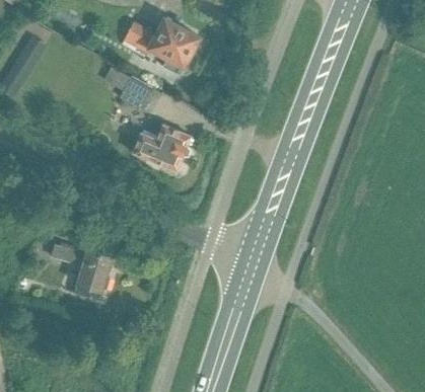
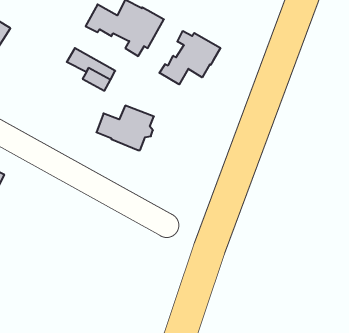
building: none -> [159,31,220,84]
building: [51,242,111,298] -> none

